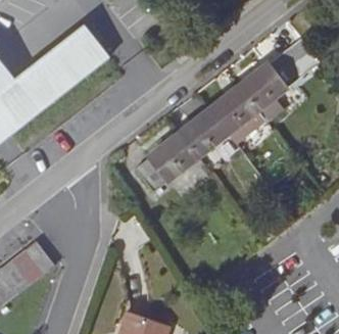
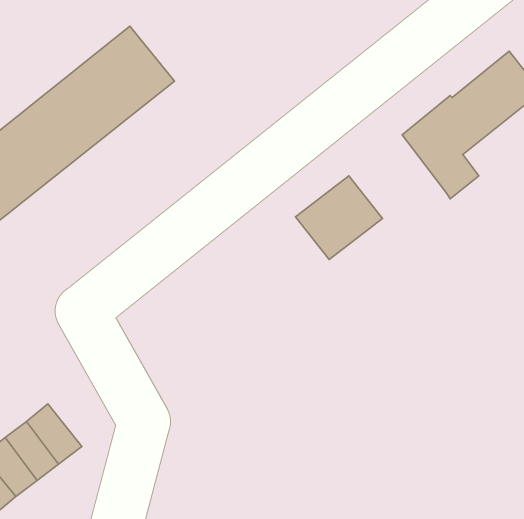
building: [210,85,267,143] -> none
building: [136,132,199,192] -> none

